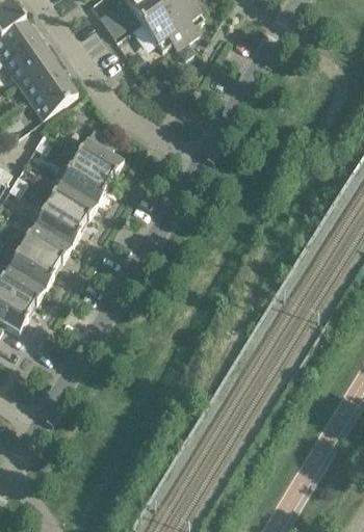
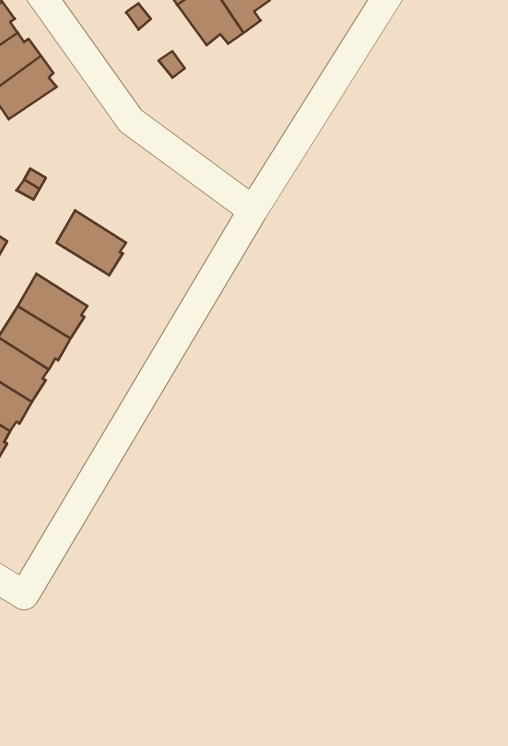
building: [27,77,76,118] -> none
building: [72,128,122,182] -> none
building: [46,182,95,224] -> none

